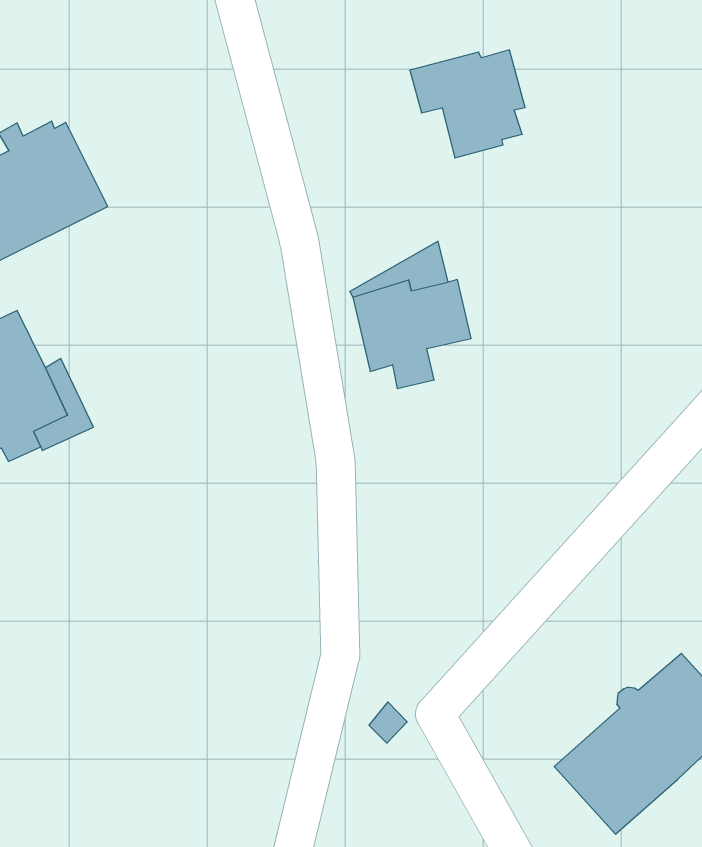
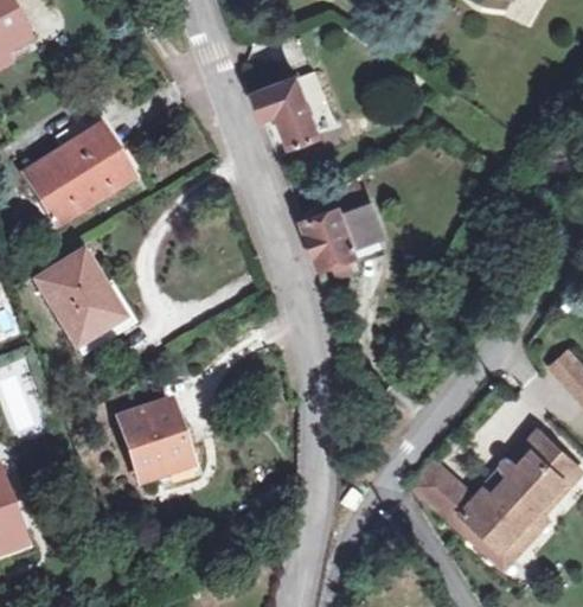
building: [410,50,525,158] -> [250,70,328,145]
building: none -> [120,402,191,481]
building: none -> [415,467,469,522]

